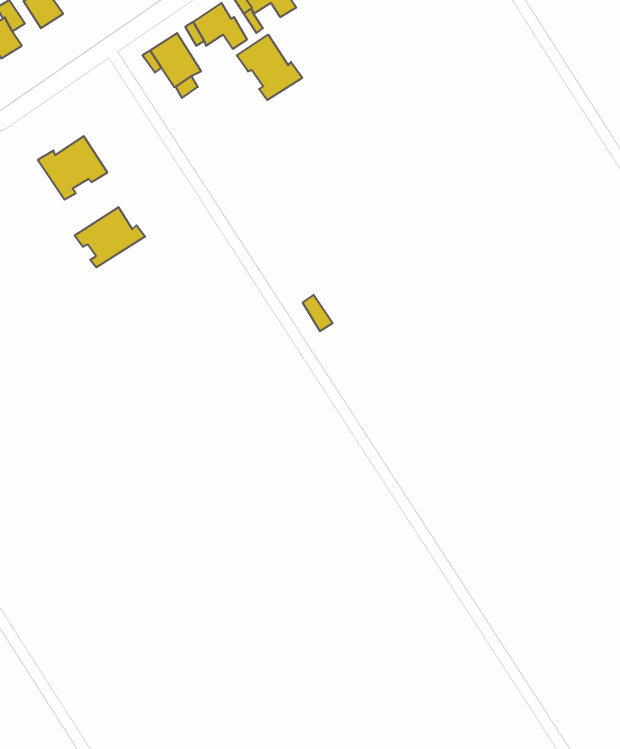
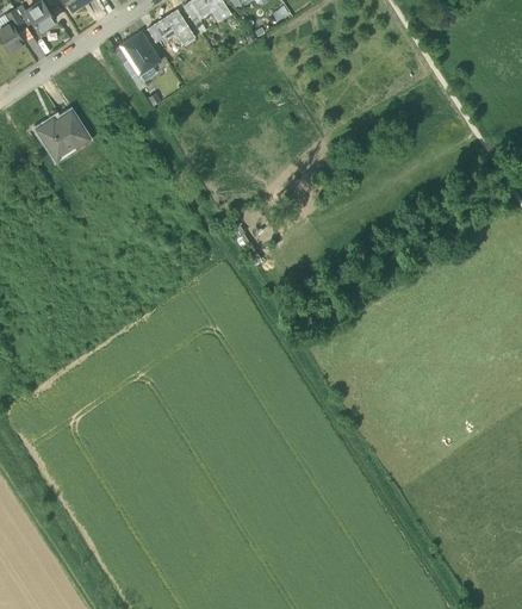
building: [237,35,302,100] -> none
building: [75,207,145,267] -> none

